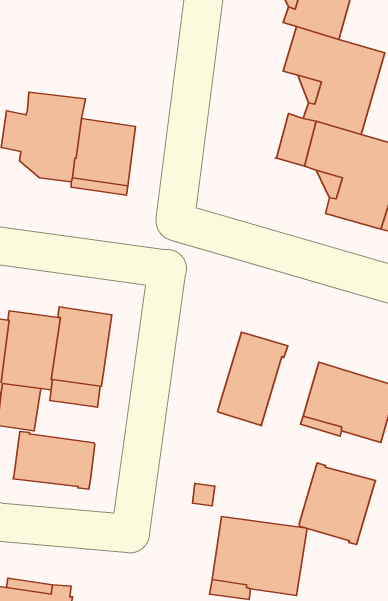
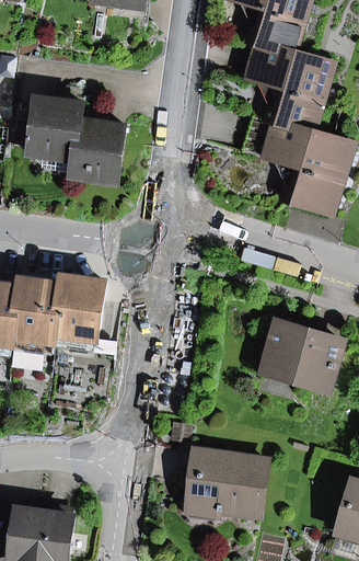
building: [218,332,288,426] -> none
building: [13,431,95,489] -> none
building: [299,463,376,545] -> none

